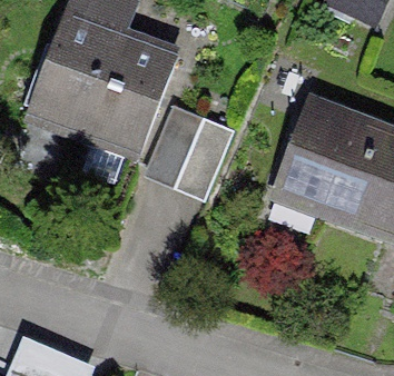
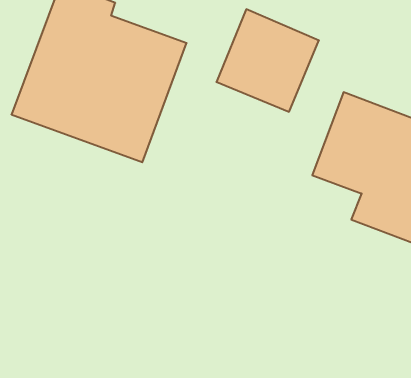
building: [148,99,236,187] -> [216,9,319,112]

